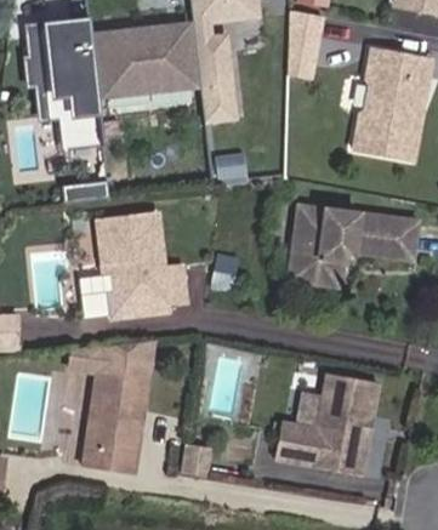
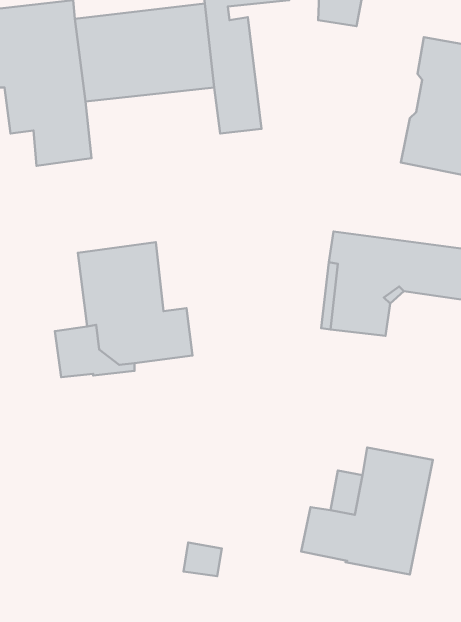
building: [68,337,154,473] -> none

